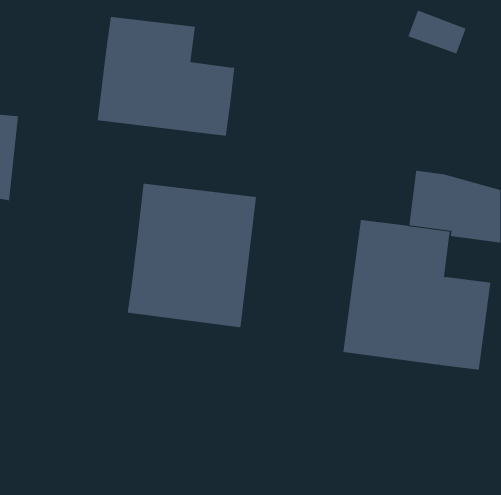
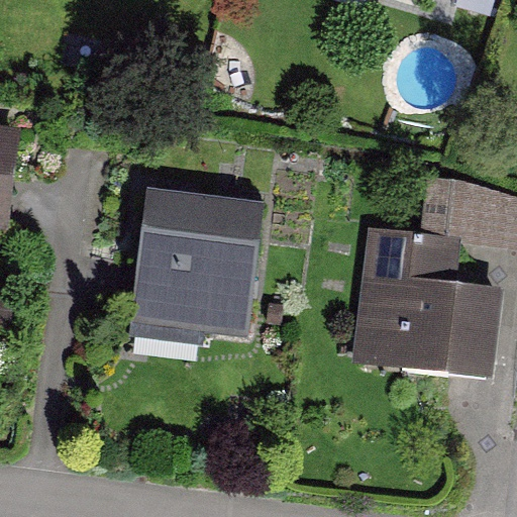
building: [97,16,235,136] -> none

